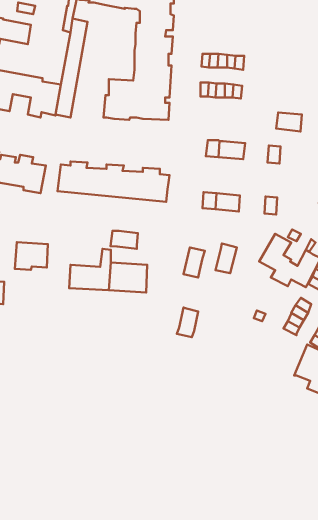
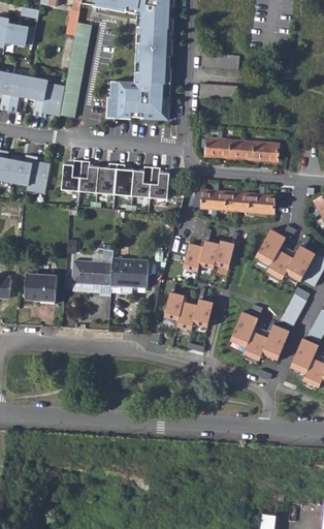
building: [276,112,302,132] -> [240,143,265,161]
building: none -> [236,193,262,211]
building: [111,231,138,249] -> none
building: [15,242,48,270] -> [24,273,56,300]
building: none -> [198,242,219,270]
building: none -> [160,291,184,321]
building: none -> [193,300,213,329]
building: none -> [230,312,289,361]

